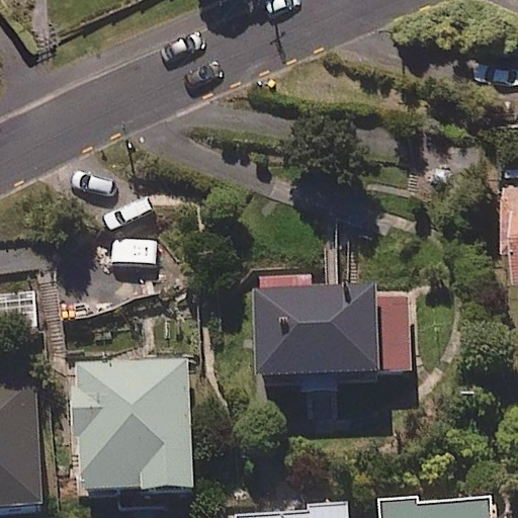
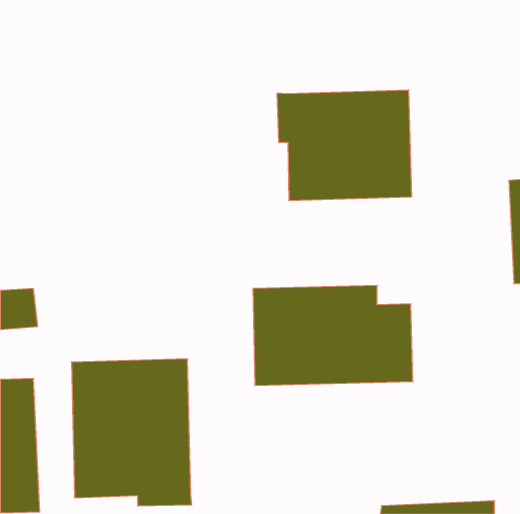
building: none -> [277,90,411,201]

